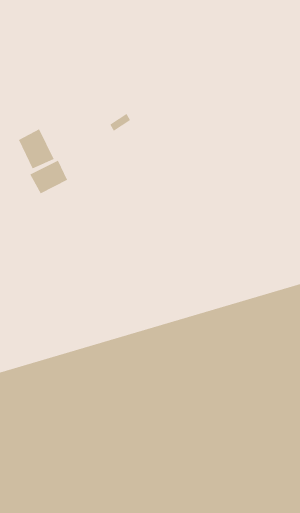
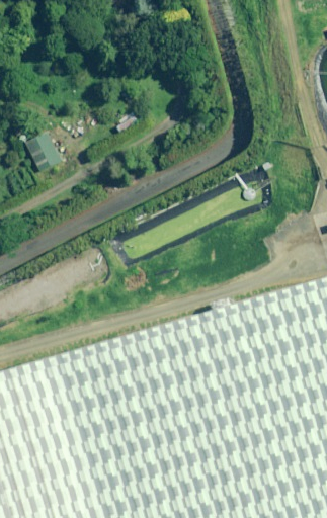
building: [30,160,68,194] -> none

